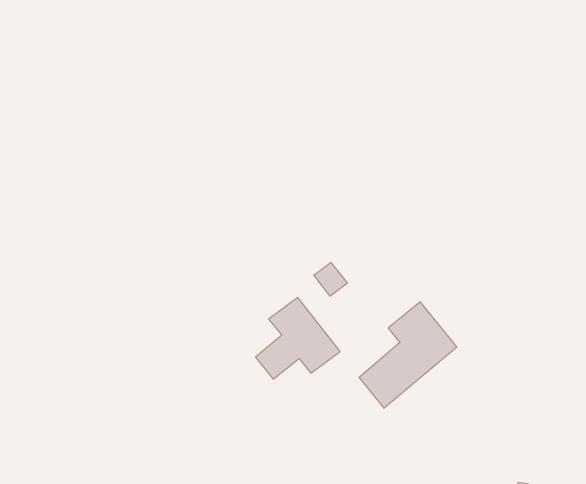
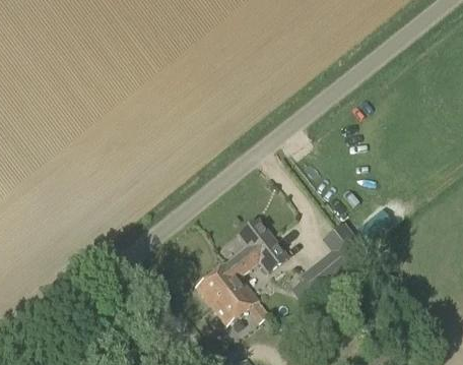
building: none -> [195,261,268,325]

